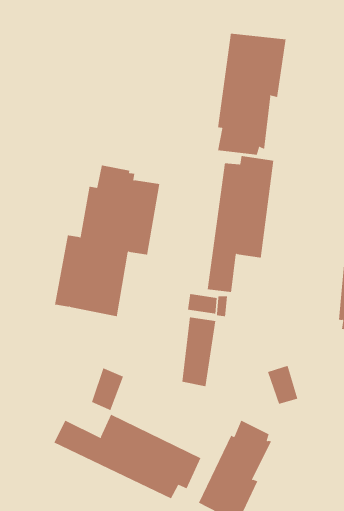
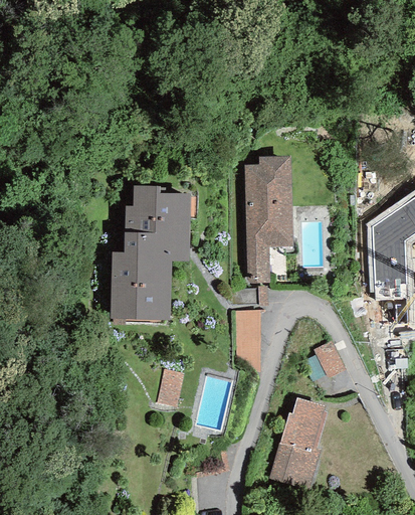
building: [217,33,286,156] -> none
building: [53,414,201,499] -> none

